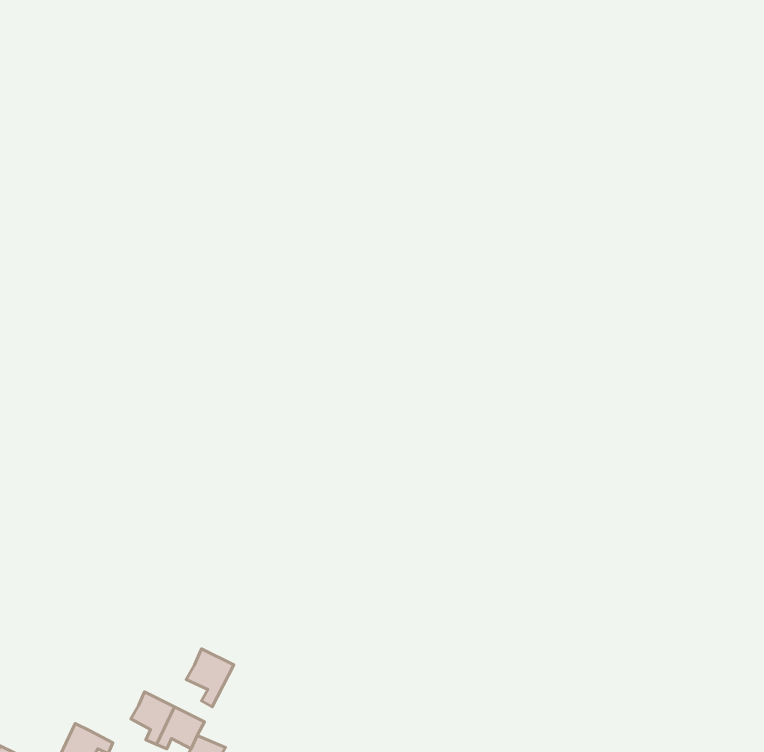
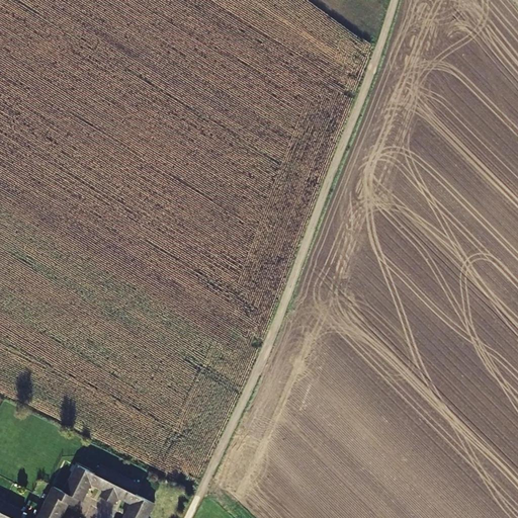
building: [186,649,234,707] -> none
building: none -> [61,477,93,512]

